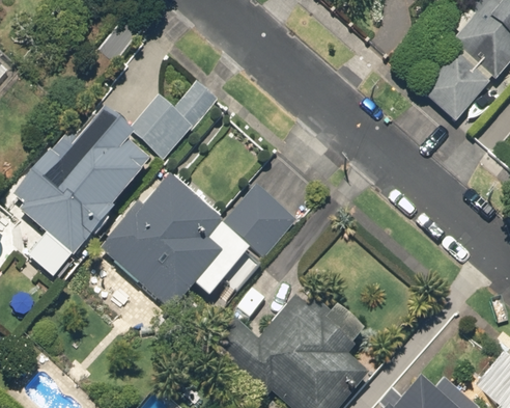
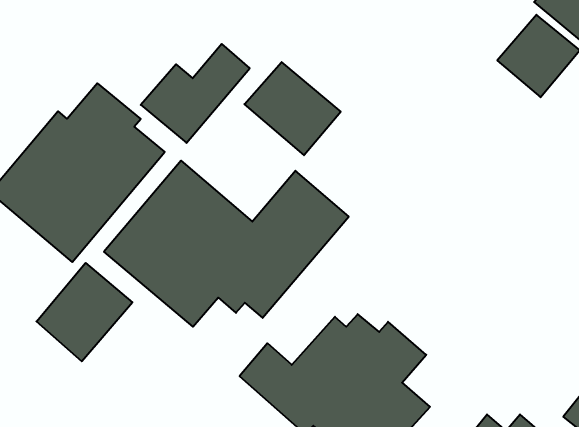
building: none -> [244,62,341,155]
building: none -> [36,263,132,361]

